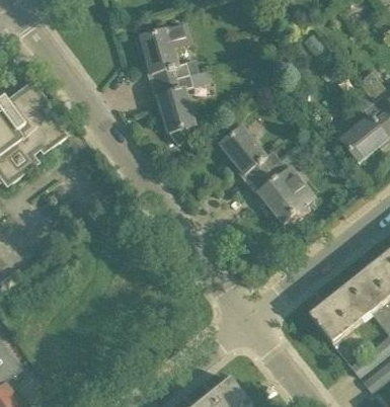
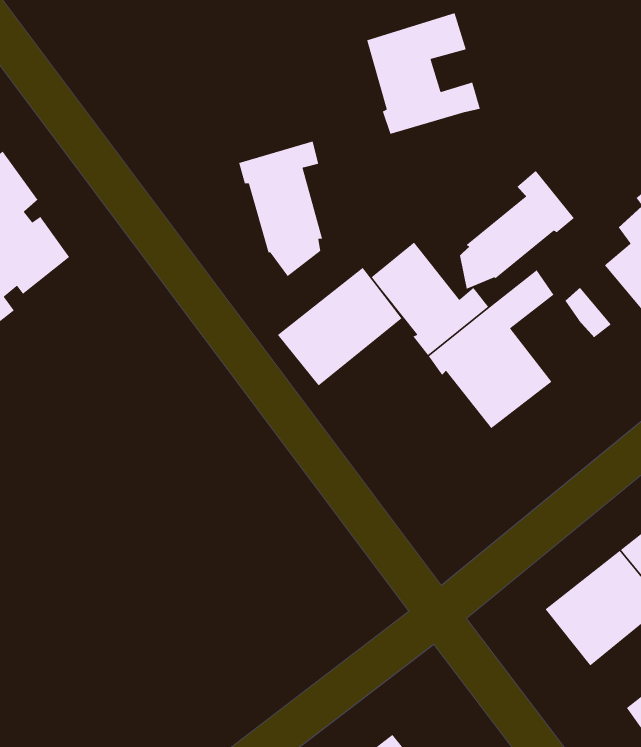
building: [139,22,198,85] -> [366,12,481,135]
building: none -> [459,170,575,290]
building: none -> [277,267,403,386]

